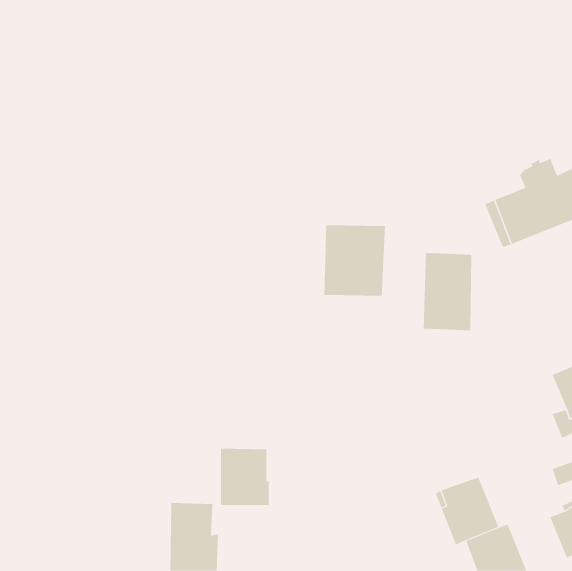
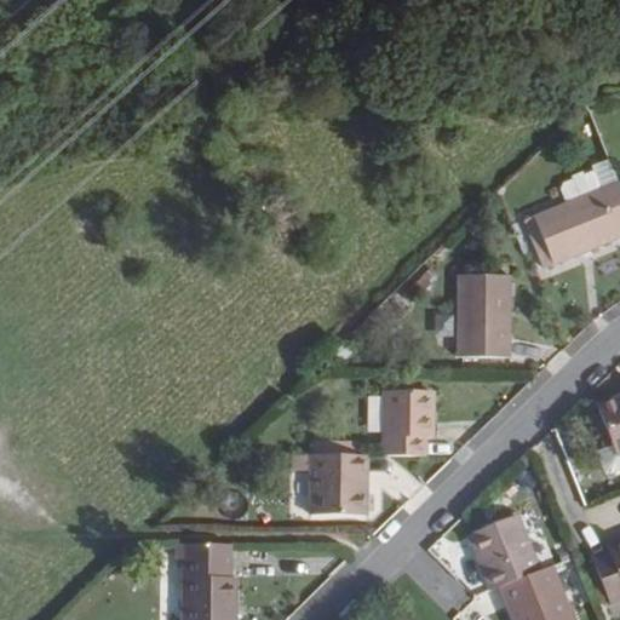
building: [324,225,385,297] -> none
building: none -> [383,392,430,455]
building: [220,448,269,505] -> [310,454,363,516]

